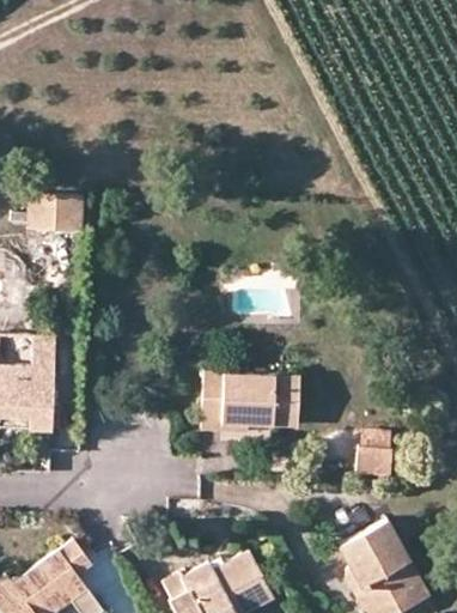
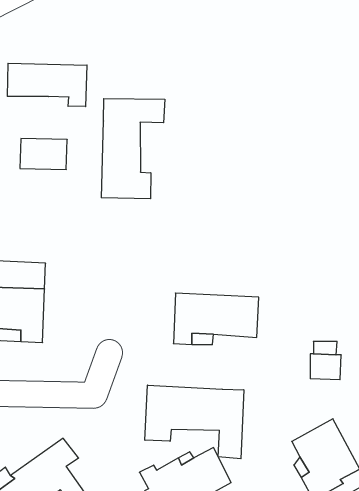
building: none -> [7,63,87,107]
building: none -> [101,99,165,199]
building: none -> [145,385,244,459]

